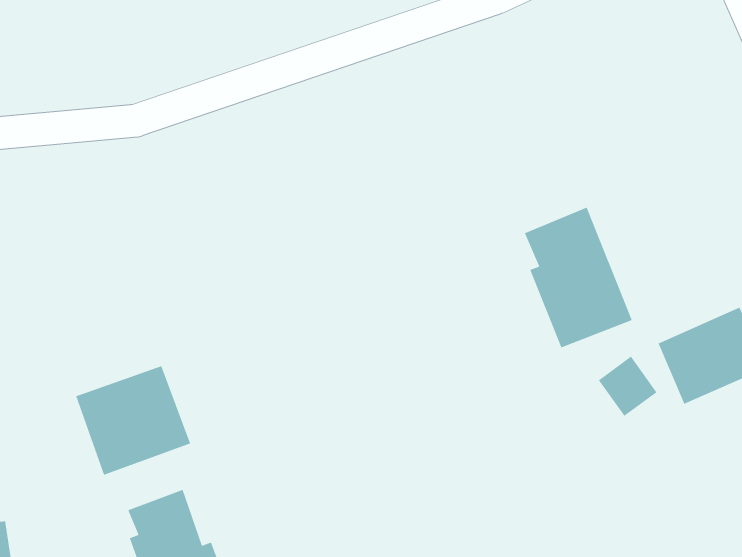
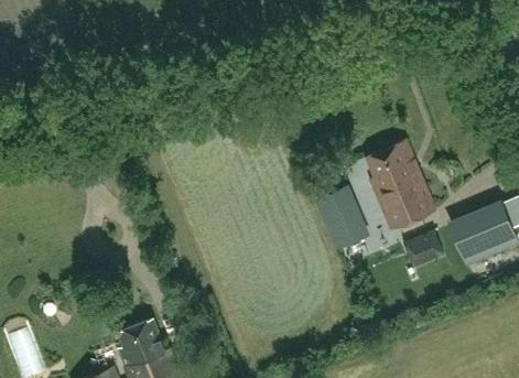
building: none -> [315,184,374,248]
building: [75,365,191,476] -> none

